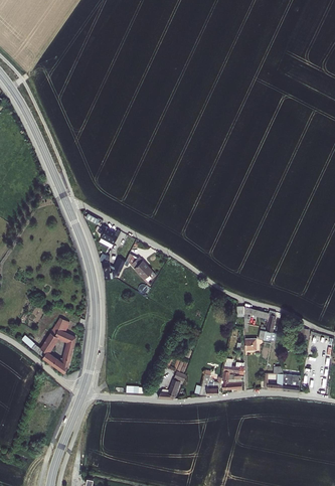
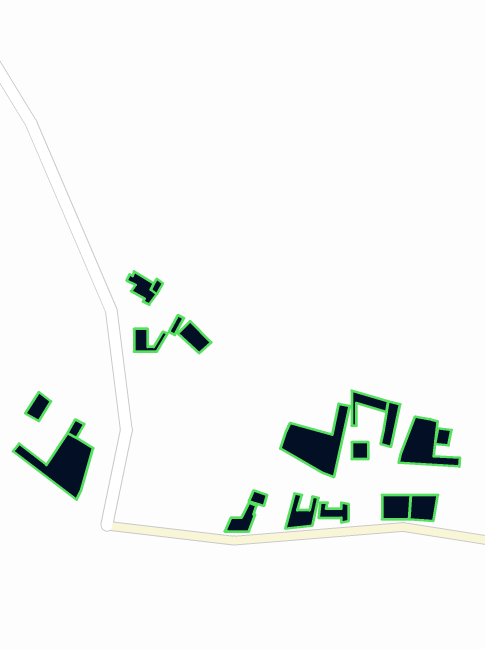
building: none -> [280,404,350,477]
building: none -> [399,417,460,467]

